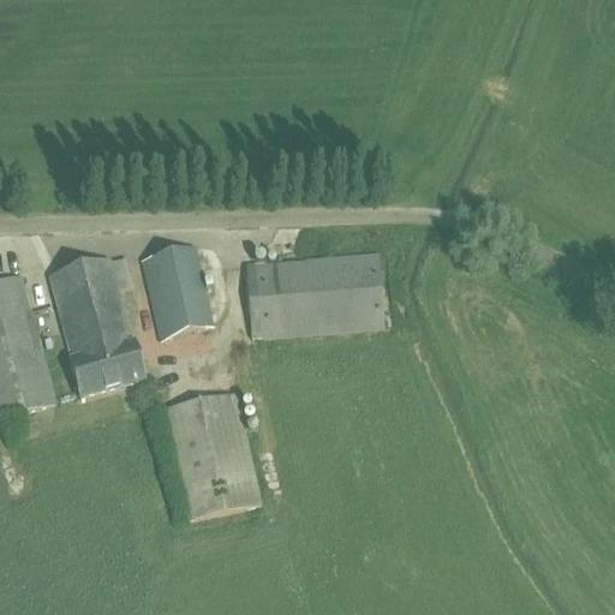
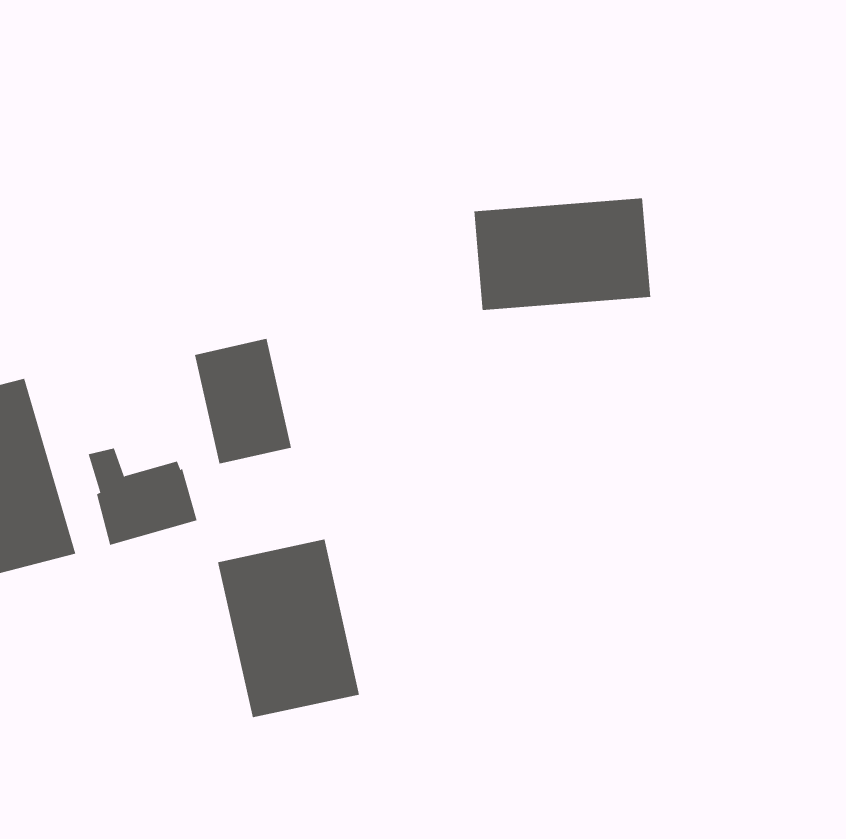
building: [253,252,382,334] -> [474,198,651,311]
building: [49,256,133,345] -> none

